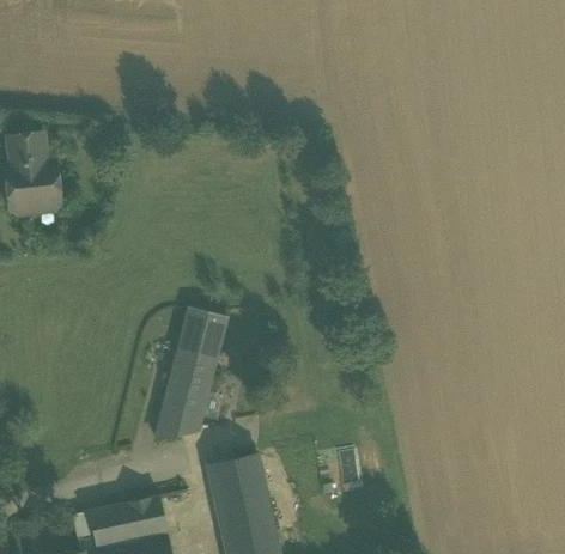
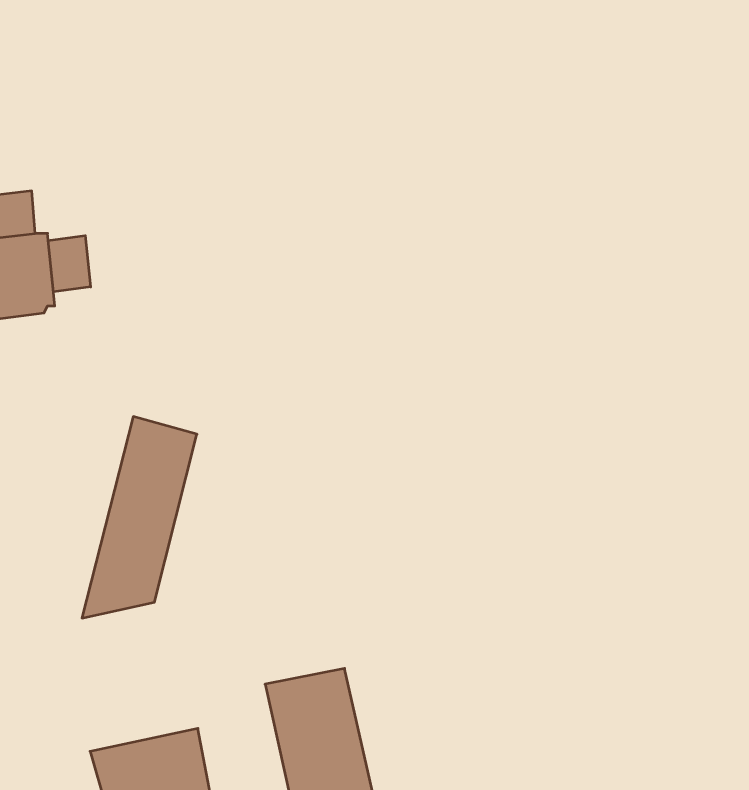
building: none -> [48,236,91,292]
building: [153,311,231,448] -> [82,417,197,618]

